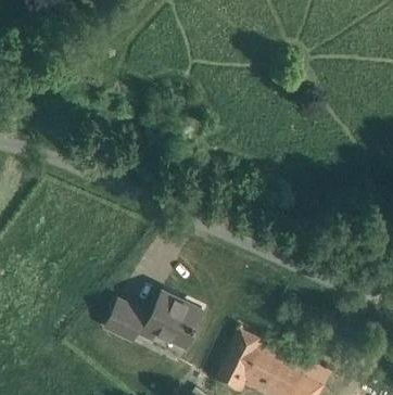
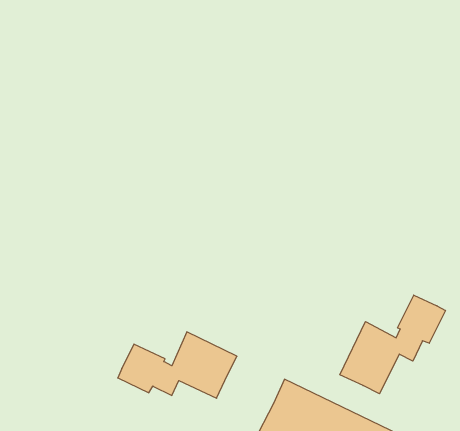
building: none -> [340,295,445,394]

